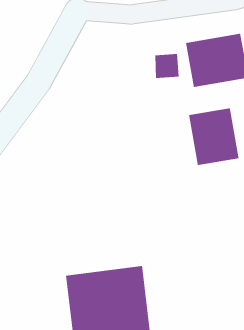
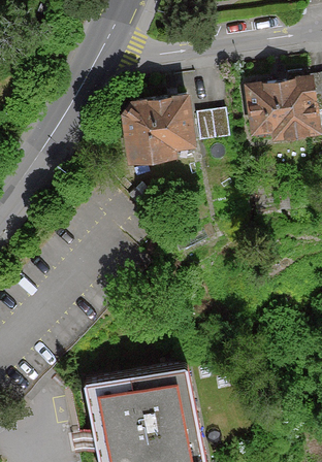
building: none -> [122,95,197,164]
building: [188,108,239,166] -> none

